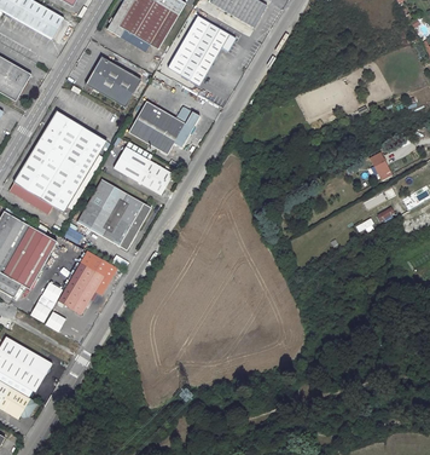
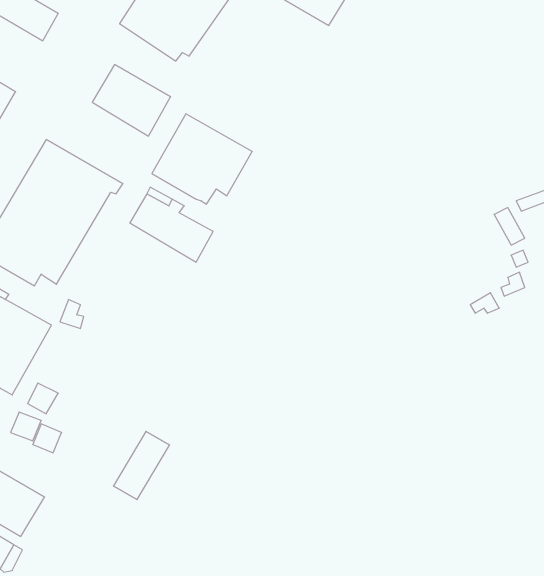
building: [168,15,237,86] -> none
building: [76,178,152,249] -> none
building: [64,265,104,313] -> [113,431,170,500]

